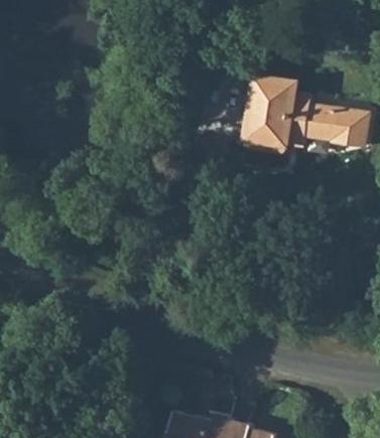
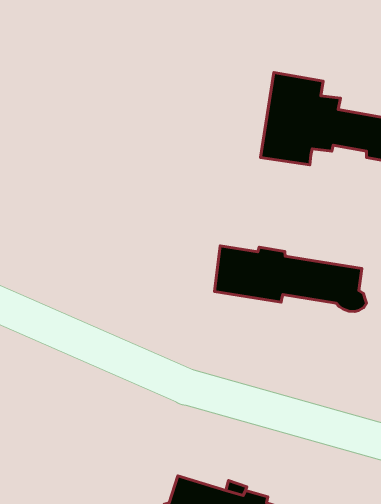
building: none -> [215,246,367,311]

